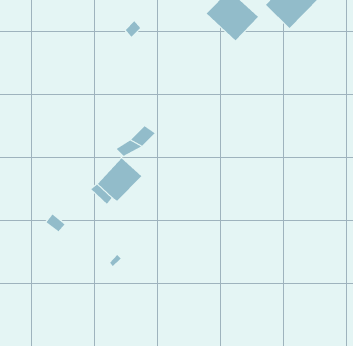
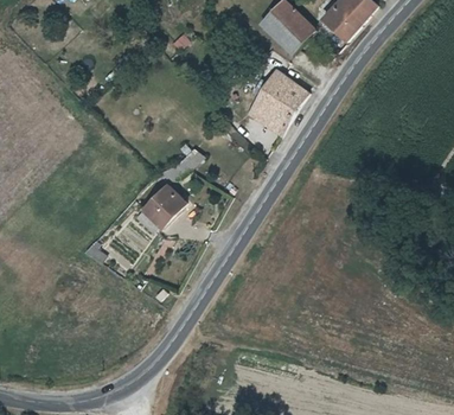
building: none -> [247,70,309,136]

